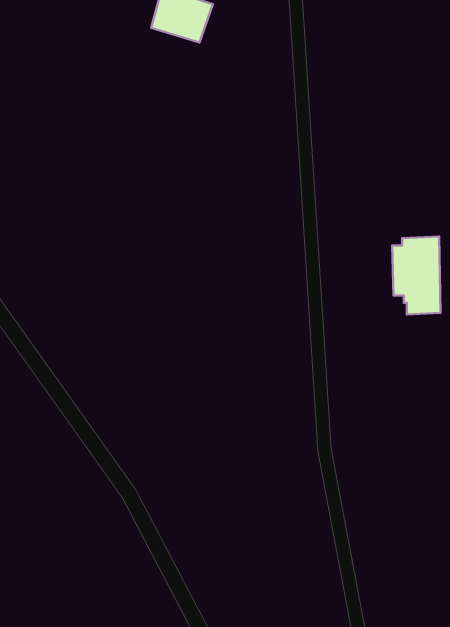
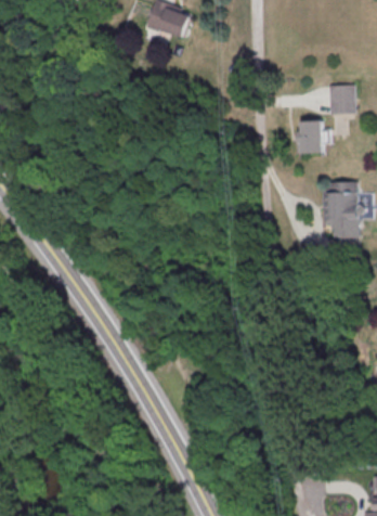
building: none -> [329,85,355,114]
building: none -> [297,121,325,154]

